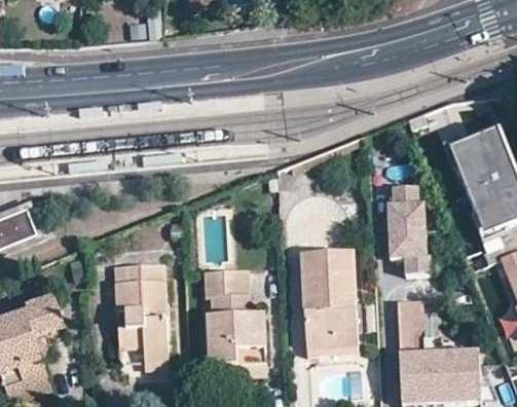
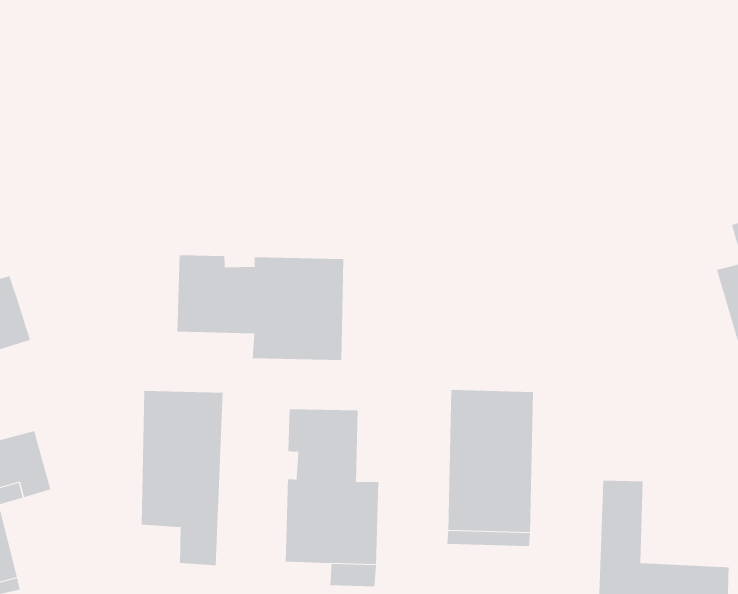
building: [386,162,431,275] -> none
building: none -> [177,254,344,361]

